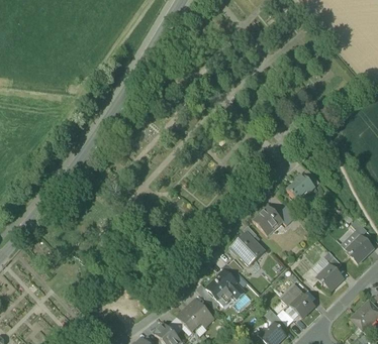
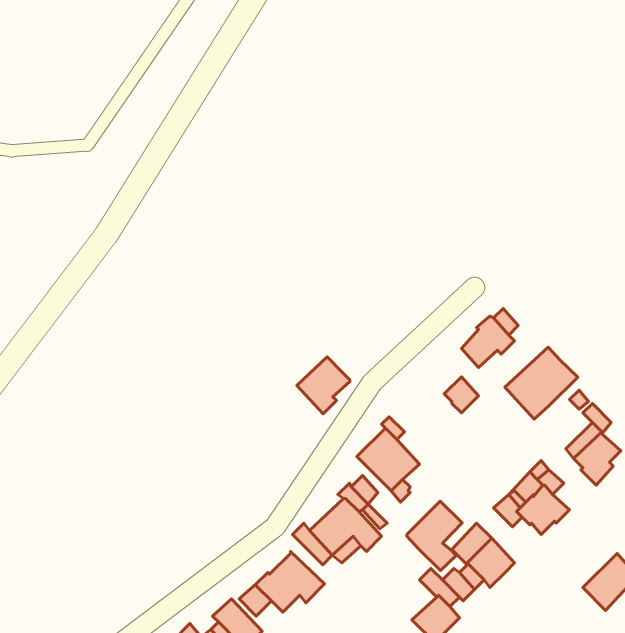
building: none -> [505,347,578,419]
building: [253,207,281,237] -> [297,357,350,414]
building: none -> [407,501,462,570]

